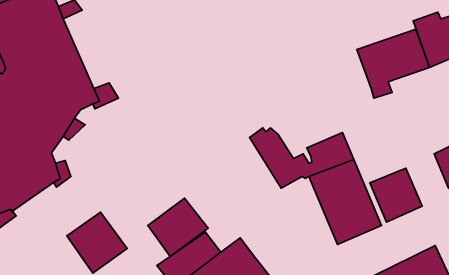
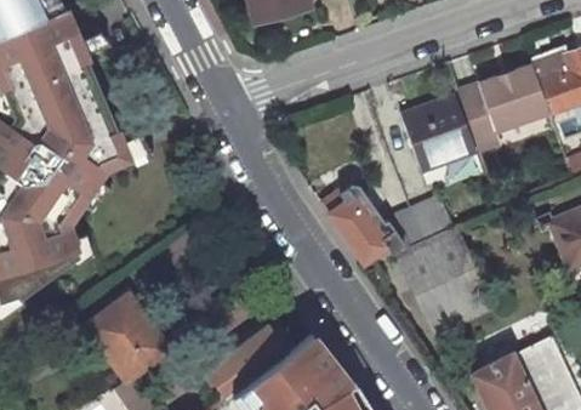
building: none -> [404,98,475,173]
building: [370,168,422,222] -> none
building: [148,198,208,256] -> none

